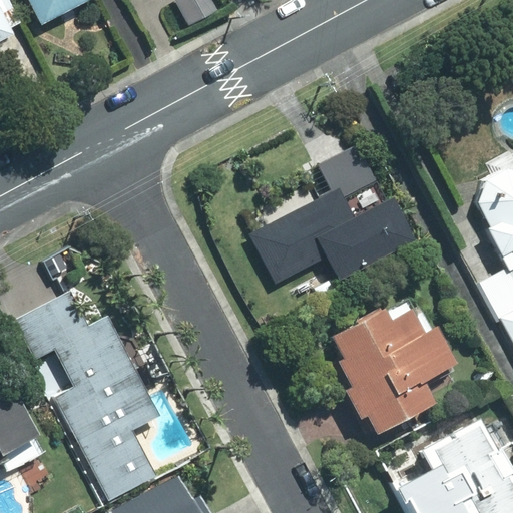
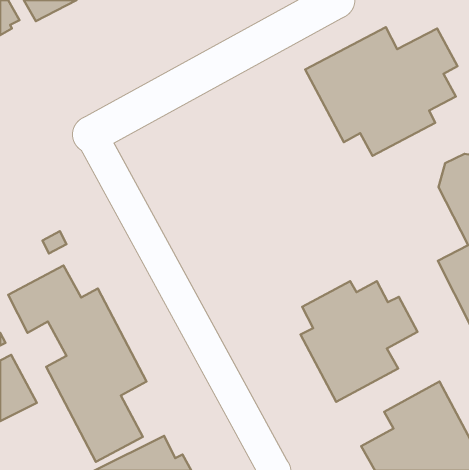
building: none -> [305,27,457,156]
building: [249,143,414,285] -> none

